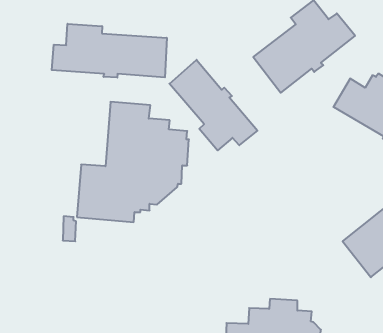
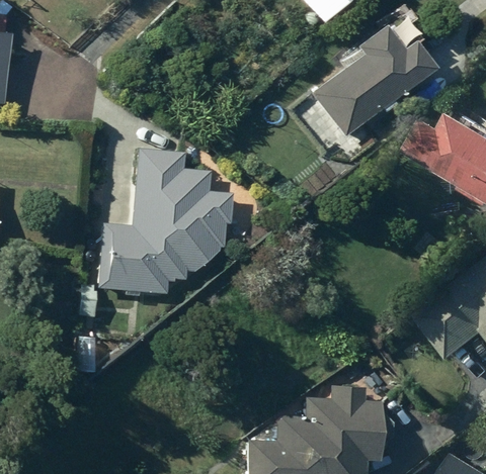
building: [52,24,167,78] -> none
building: [169,60,257,150] -> none

